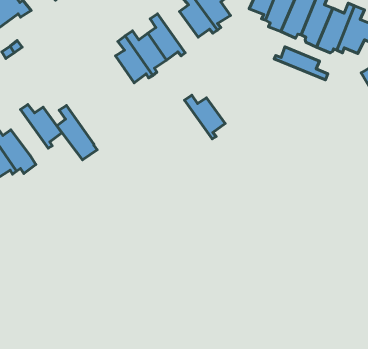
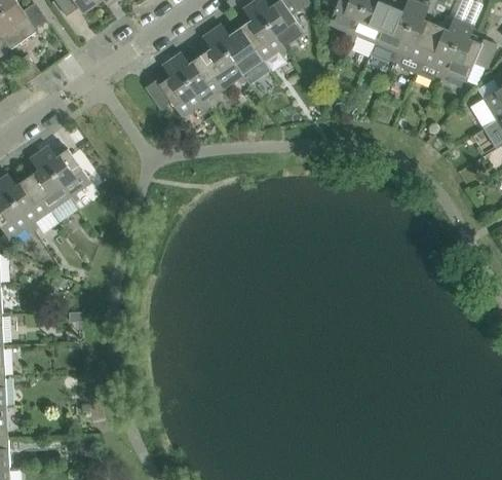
building: [274,47,328,80] -> none
building: [185,95,225,139] -> [213,24,264,79]
building: [57,105,97,160] -> [27,151,78,220]

